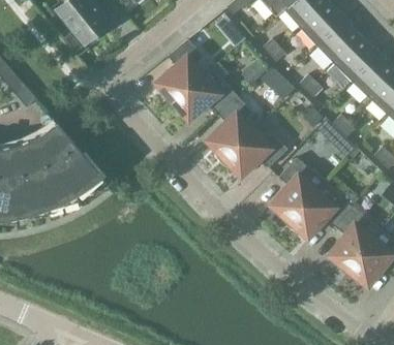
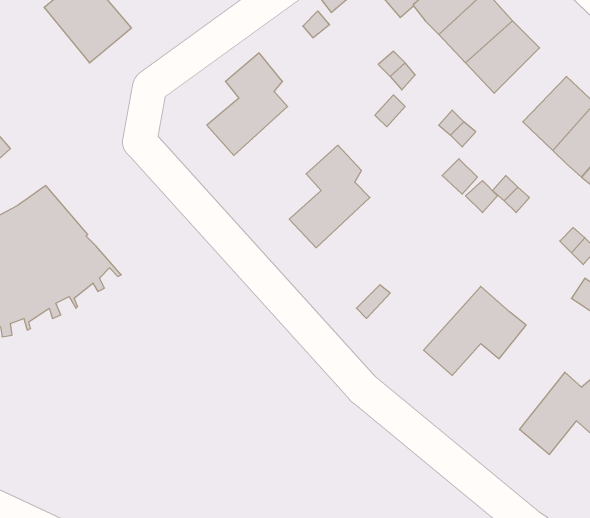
building: [334,36,378,82] -> none
building: [174,72,238,120] -> none
building: [224,128,289,177] -> none
building: [272,158,327,222] -> none
building: [330,207,377,271] -> none

